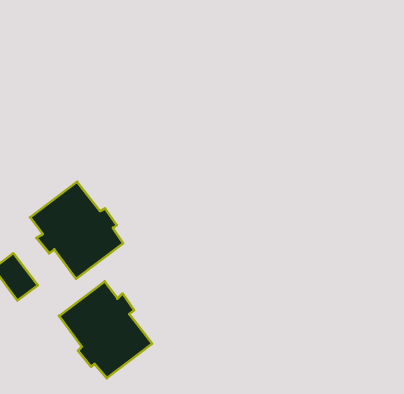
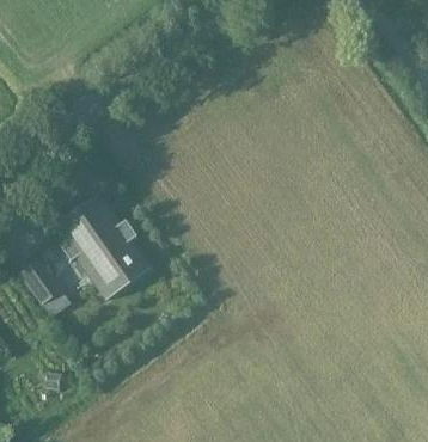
building: [59,281,152,378] -> none

